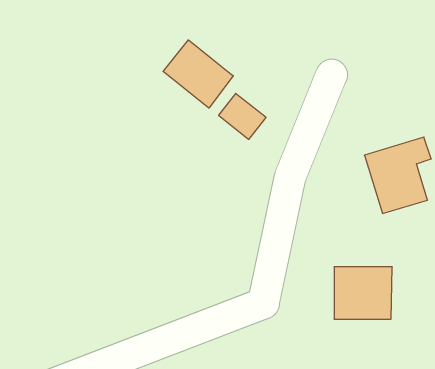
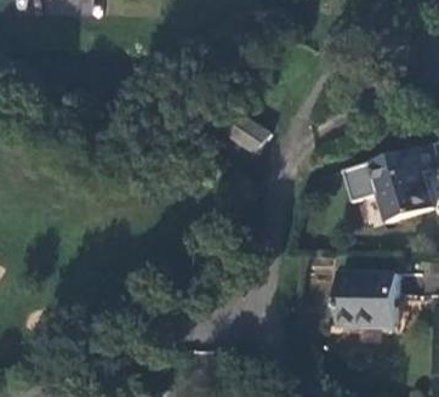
building: [163,40,233,108] -> none

